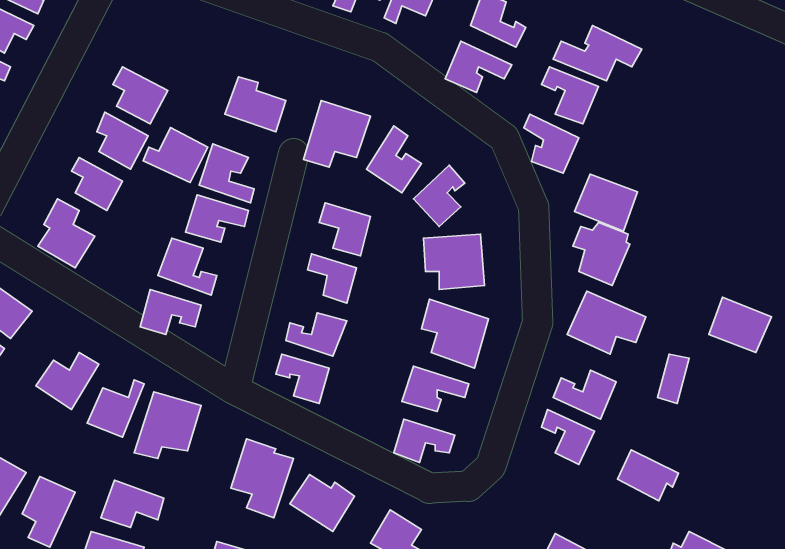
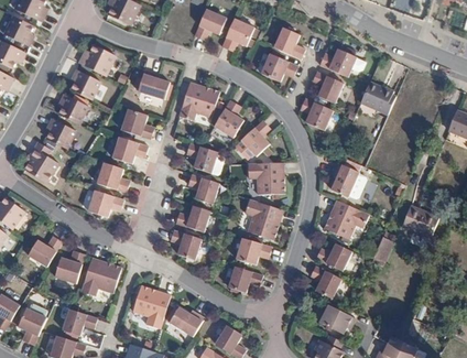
building: [143,127,208,183] -> [77,48,113,79]
building: [574,174,637,231] -> [363,79,399,111]
building: [617,450,678,501] -> [317,301,351,329]

